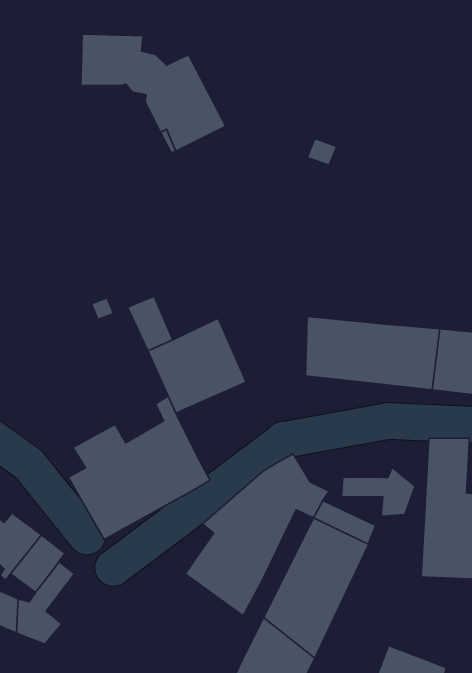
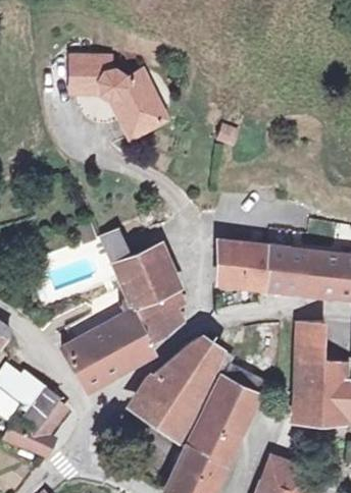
building: none -> [133,288,182,342]
building: [341,467,415,516] -> none

